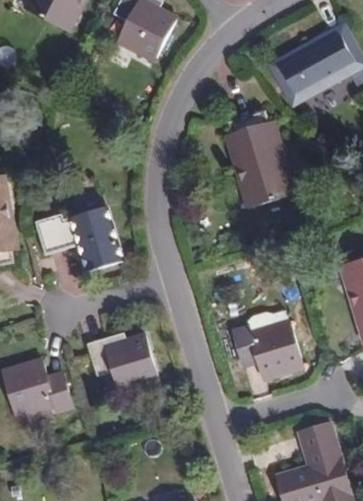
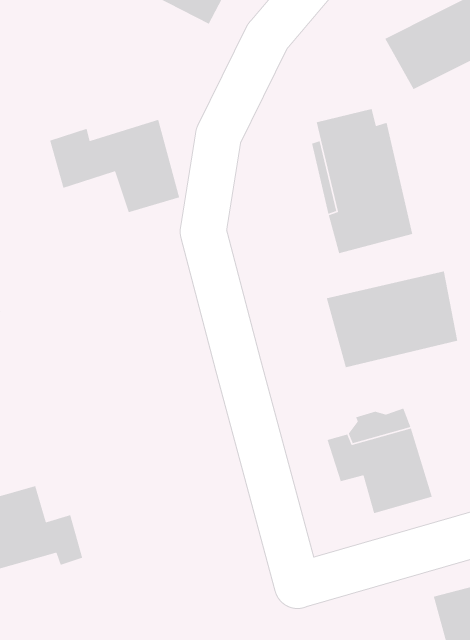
building: [35,206,121,268] -> [49,119,180,213]
building: none -> [326,271,458,368]
building: [88,333,157,392] -> none

